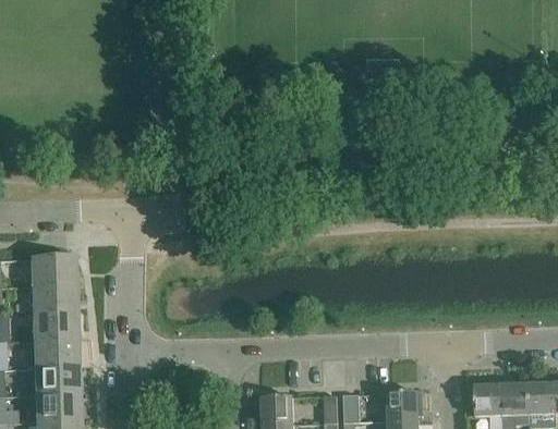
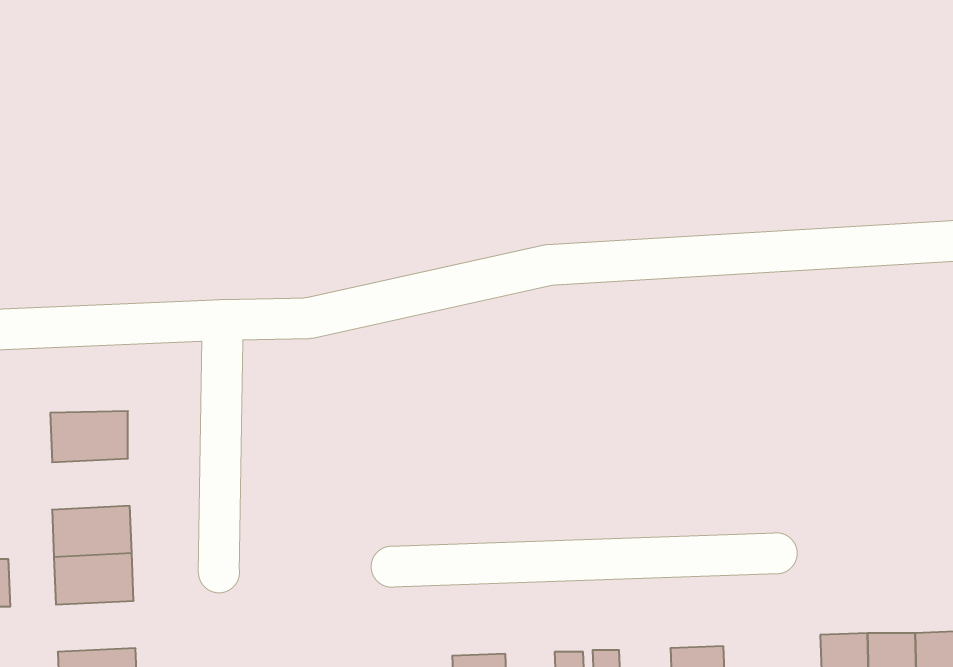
building: [33,285,77,315] -> none
building: [35,367,81,396] -> none

